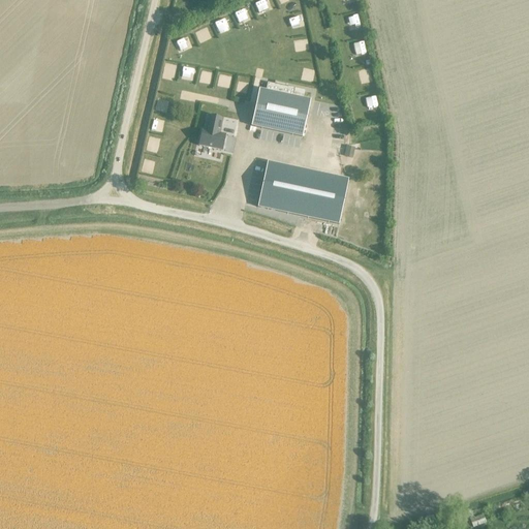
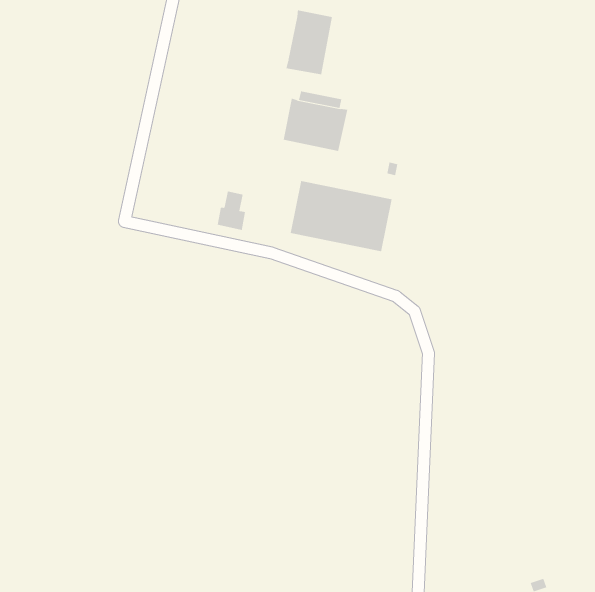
building: none -> [286,9,333,75]
building: [198,114,224,149] -> [217,191,246,231]

